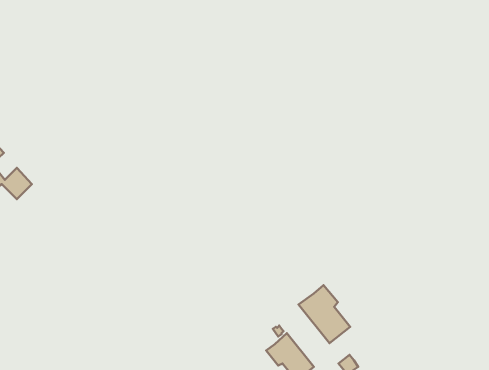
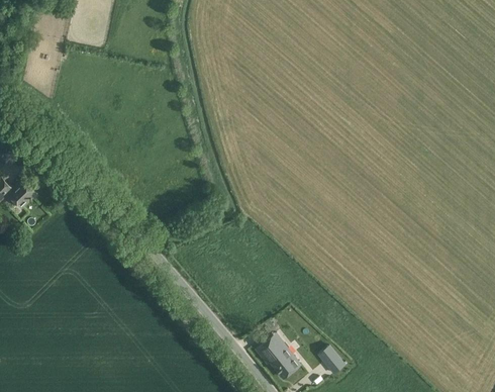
building: [298,285,350,343] -> none

